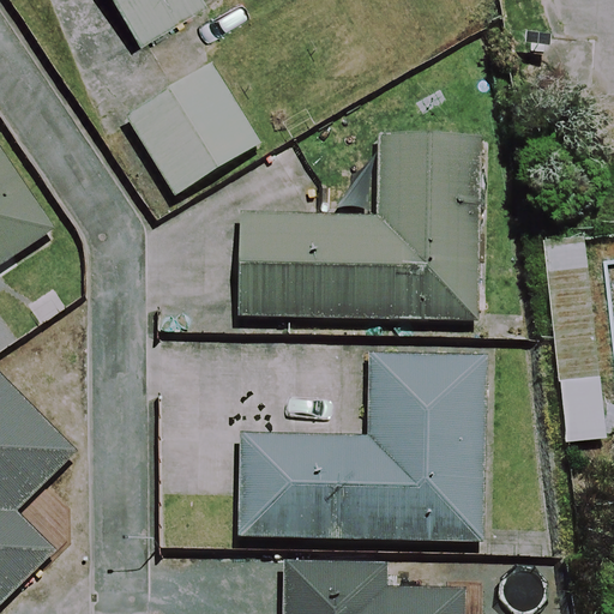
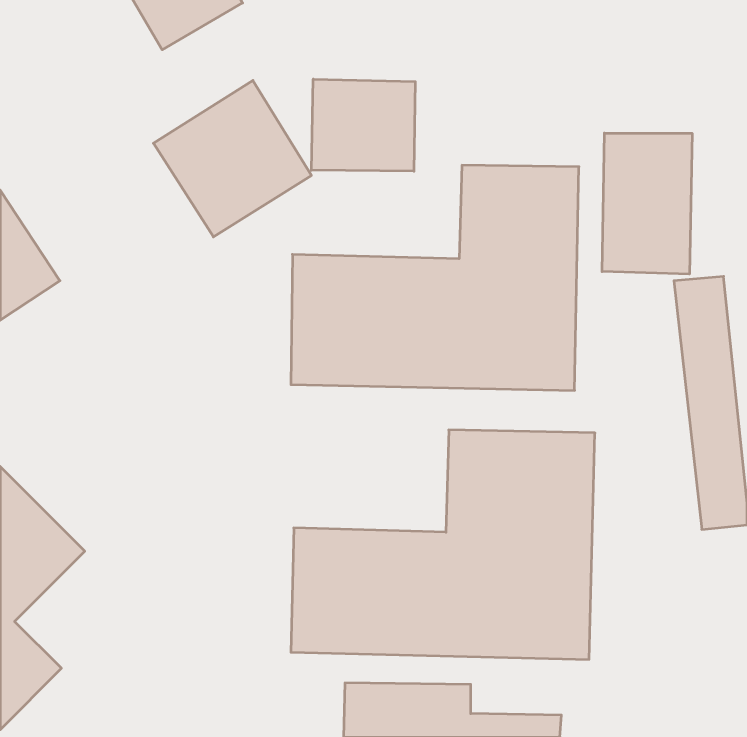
building: none -> [311,79,415,171]
building: none -> [602,133,692,274]

